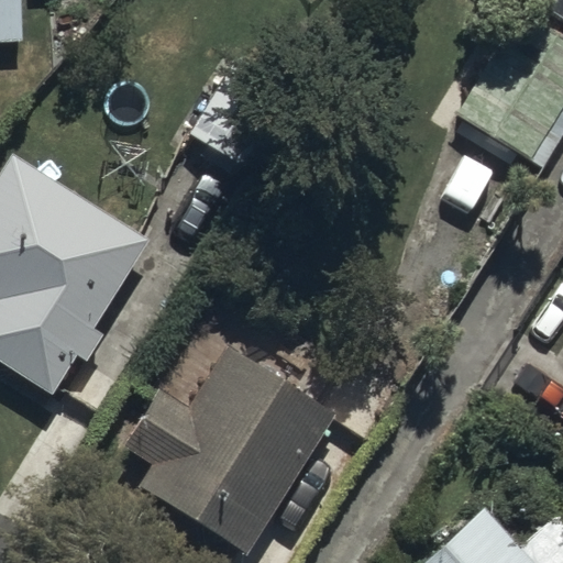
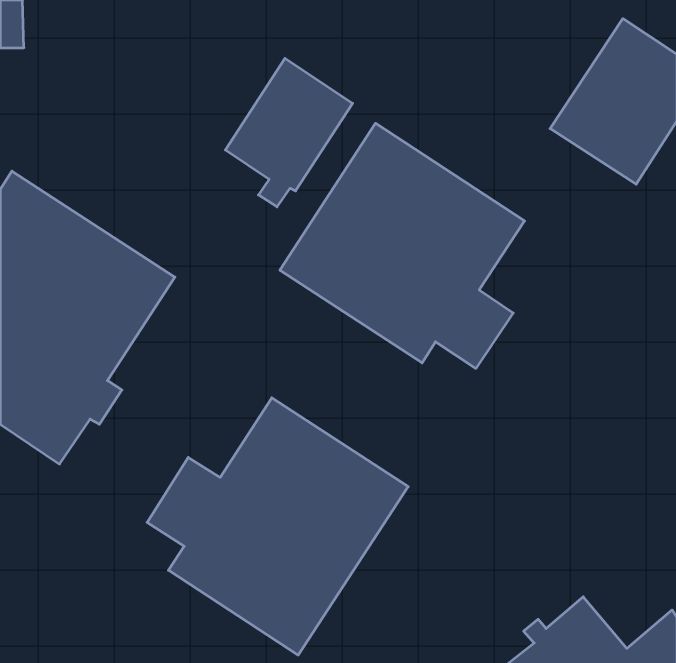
building: none -> [280,123,525,368]

